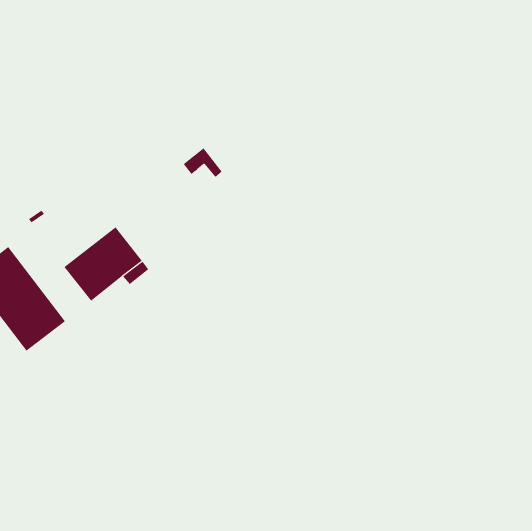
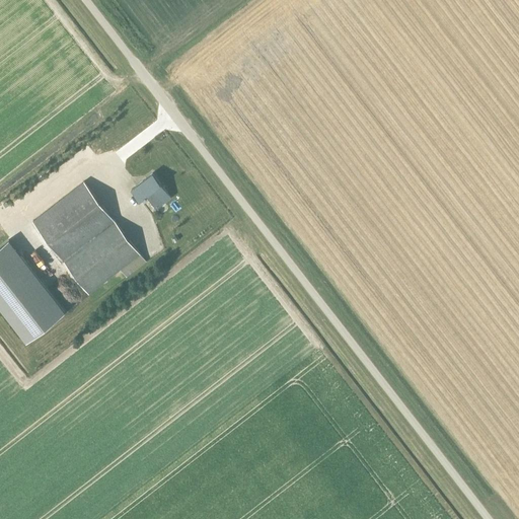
building: [183,148,223,178] -> [131,175,169,205]
building: none -> [31,183,113,262]

